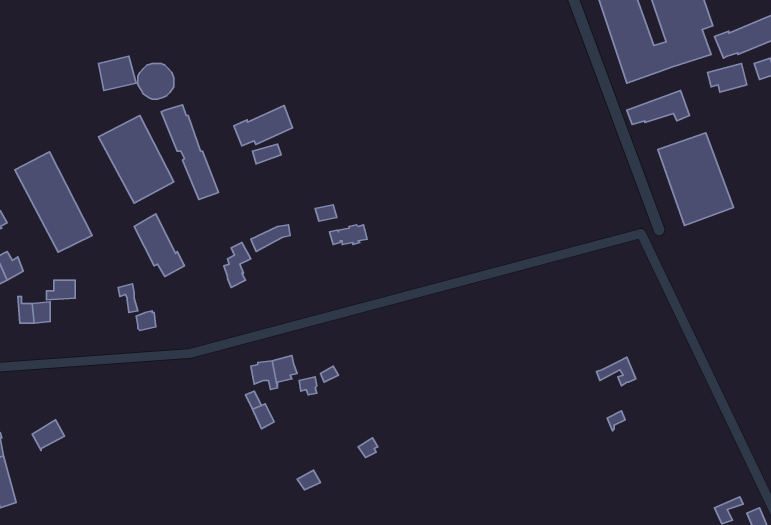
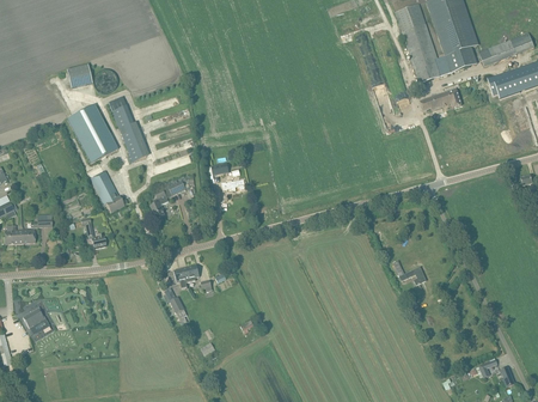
building: [234,105,293,146] -> none
building: [658,133,734,226] -> none
building: [15,152,92,252] -> none

